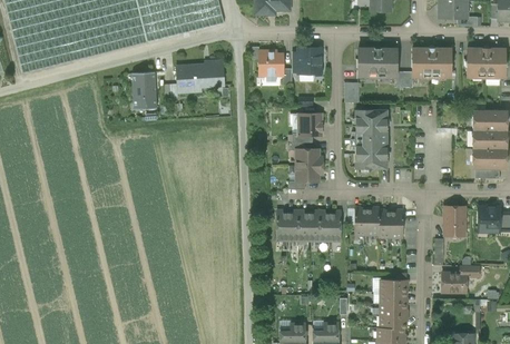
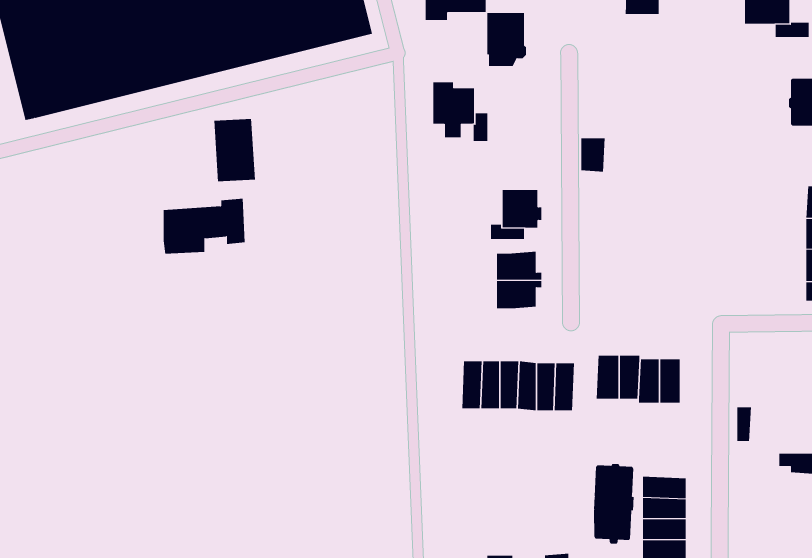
building: [356,47,396,76] -> none
building: [411,47,451,76] -> none
building: [297,48,321,79] -> [486,13,527,67]
building: [176,59,224,91] -> [163,198,245,254]
building: [354,109,388,167] -> none
building: [443,206,464,235] -> none
building: none -> [594,463,634,545]
building: [441,272,465,292] -> none

